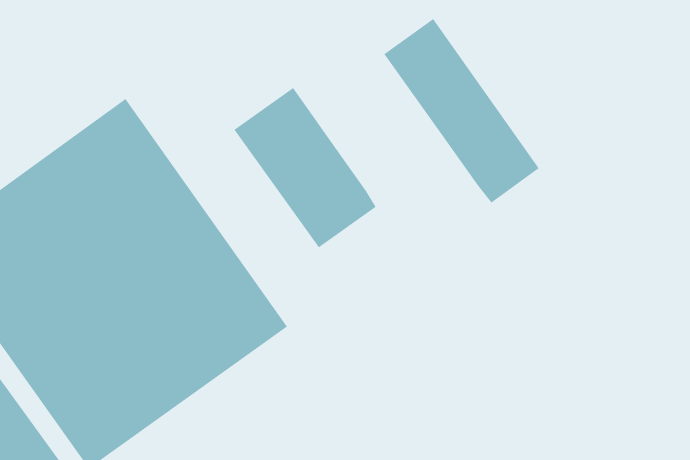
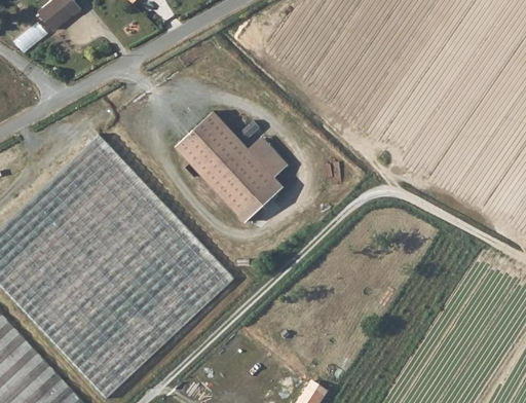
building: [384,18,540,203] -> none
building: none -> [248,137,287,178]

